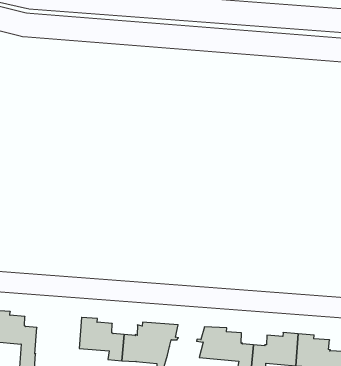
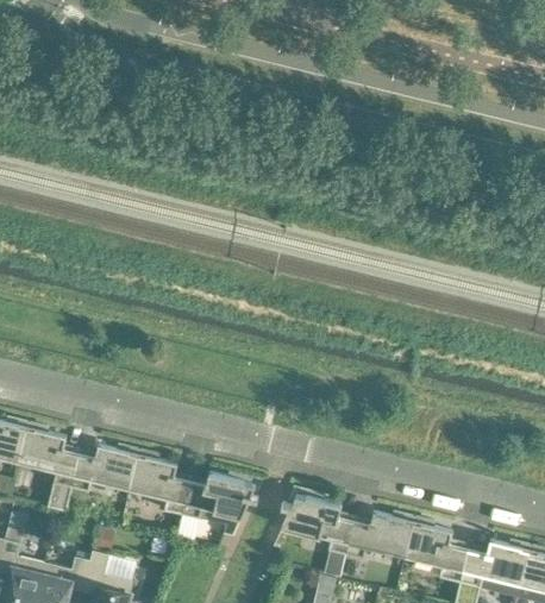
building: none -> [68,446,136,494]

